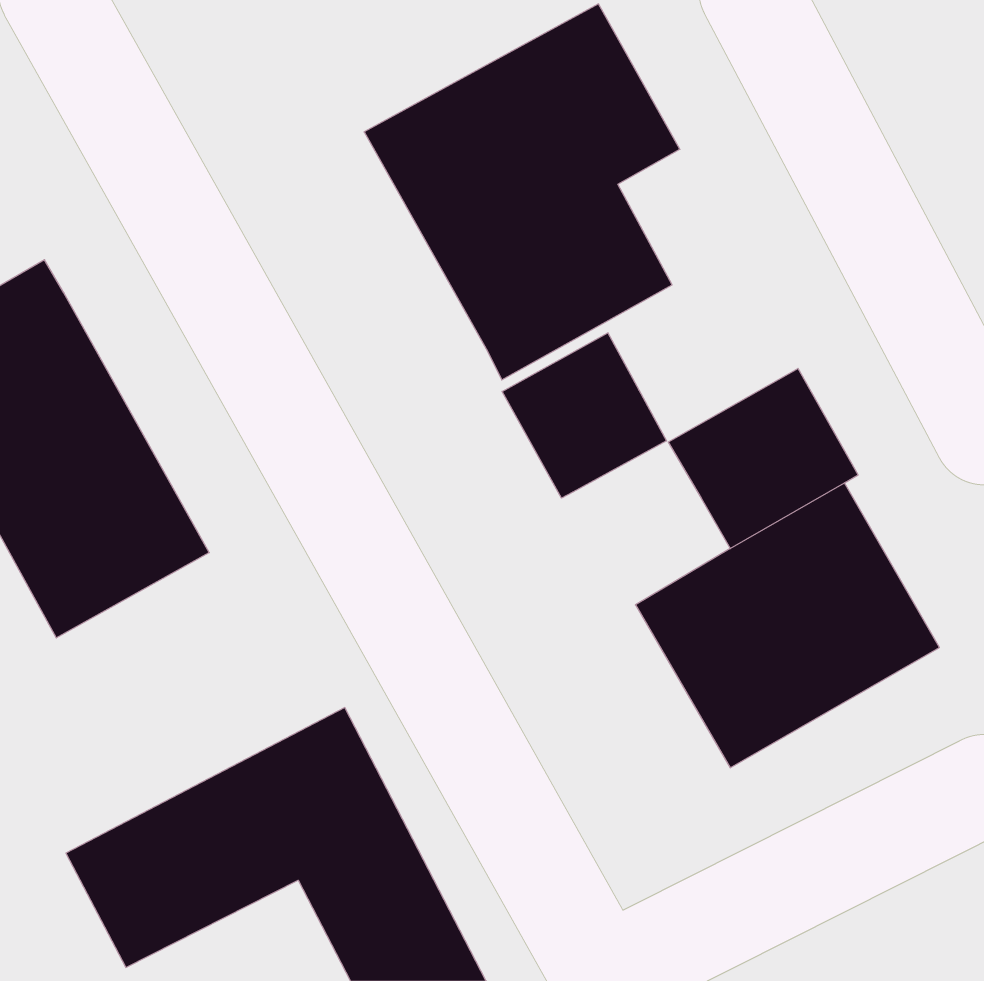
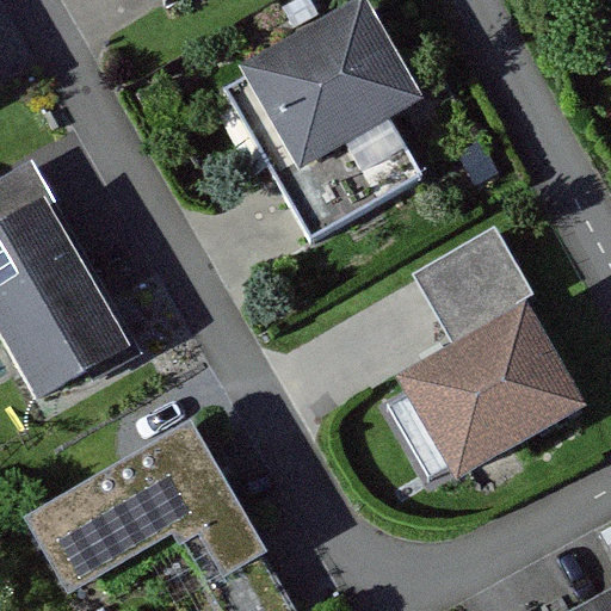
building: [502,333,667,498] -> none

